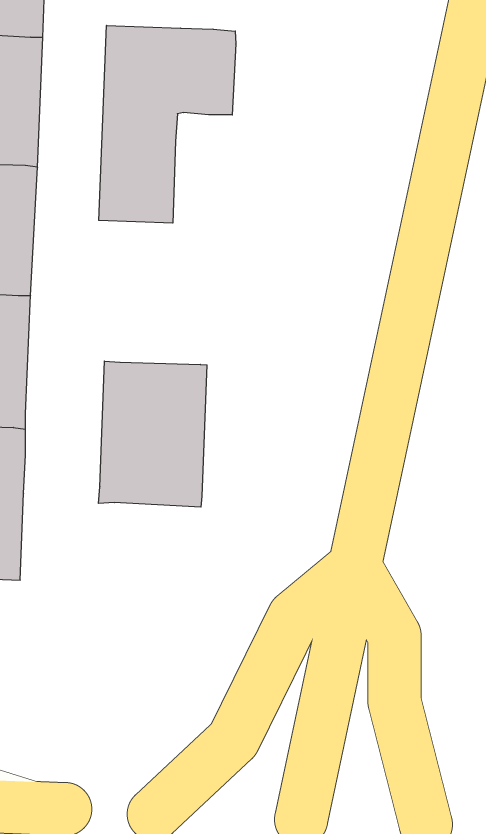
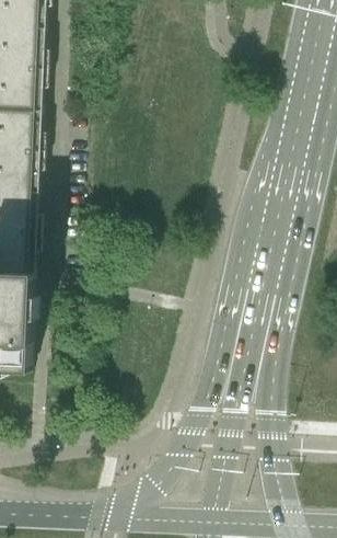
building: [99,25,236,223] -> none
building: [99,361,207,507] -> none

